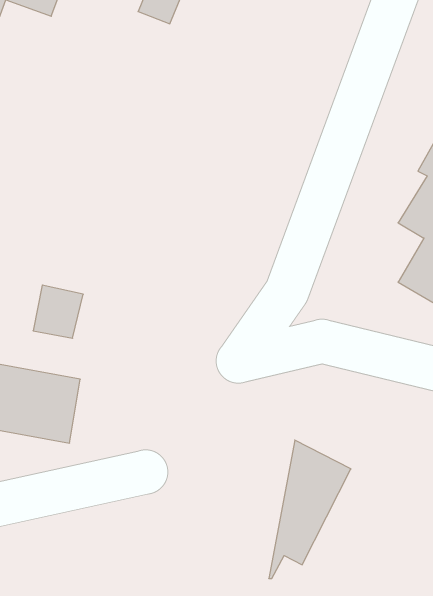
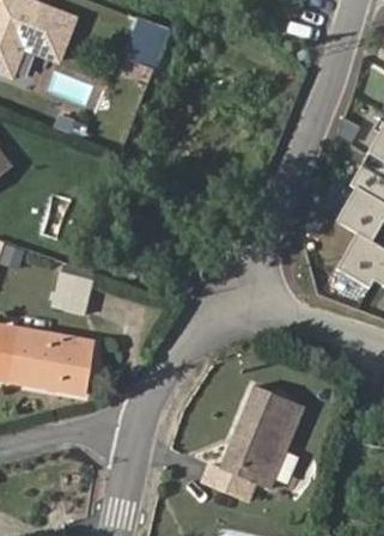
building: none -> [196,390,257,501]

